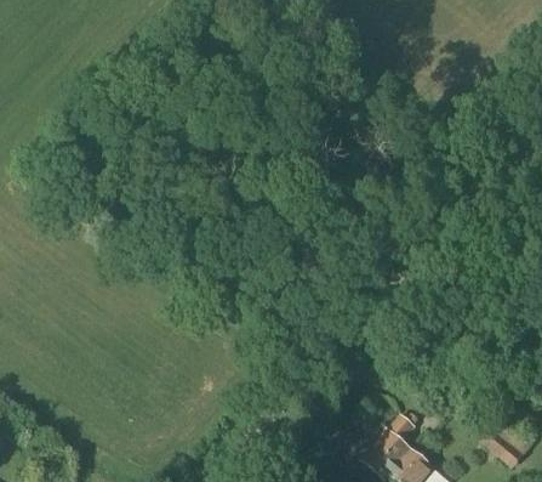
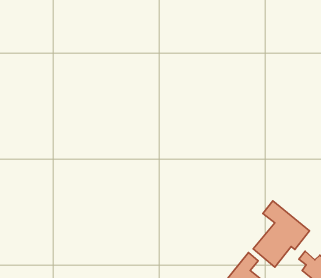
building: none -> [253,201,310,267]

